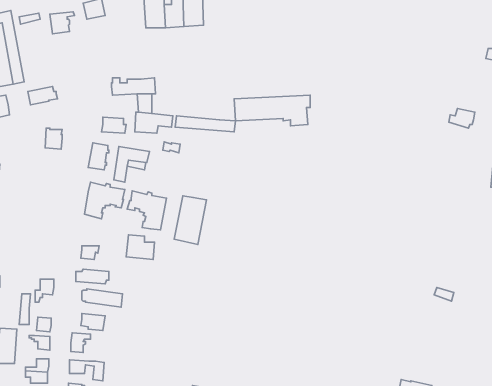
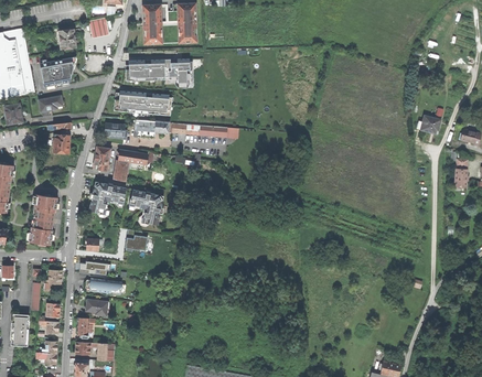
building: none -> [40,57,74,86]
building: [234,95,310,126] -> [128,56,196,84]
building: none -> [29,194,57,245]
building: [174,196,207,245] -> none

